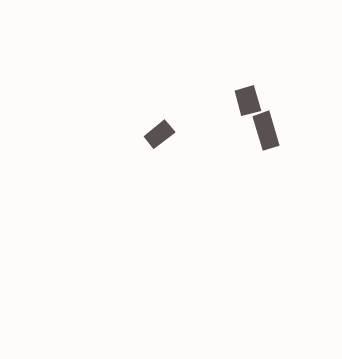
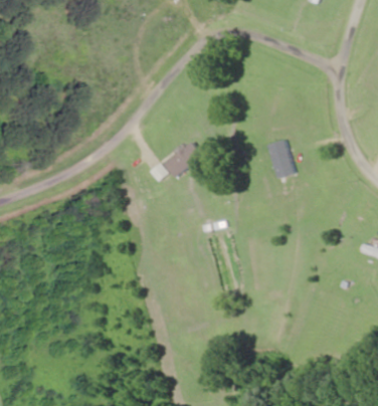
building: [234,84,262,117] -> none

